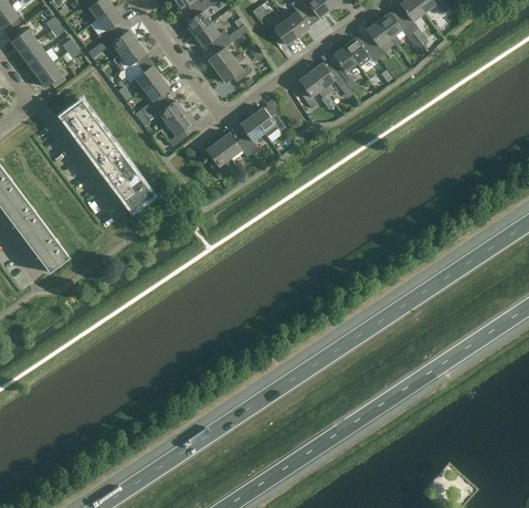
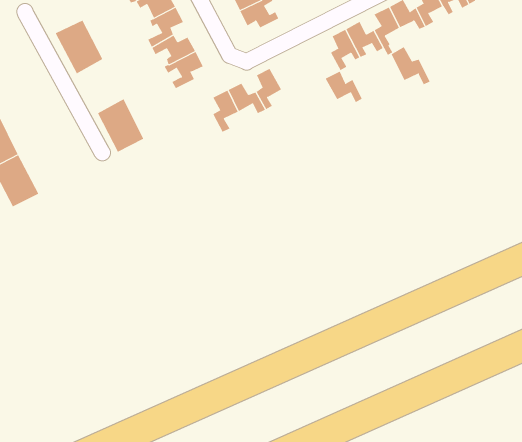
building: none -> [391,46,431,85]
building: [251,107,286,133] -> [325,71,363,103]
building: [85,131,129,179] -> none

